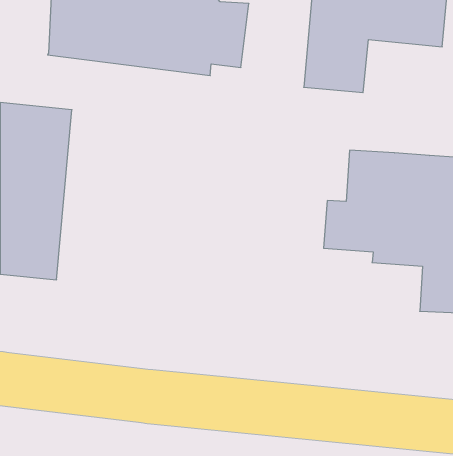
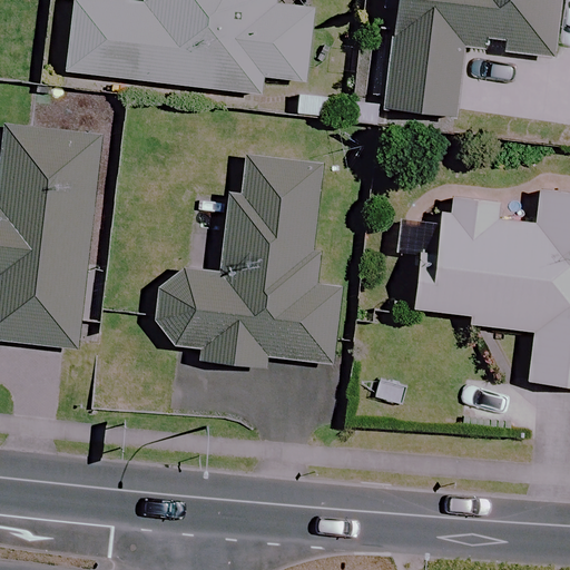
building: none -> [174,157,341,368]

